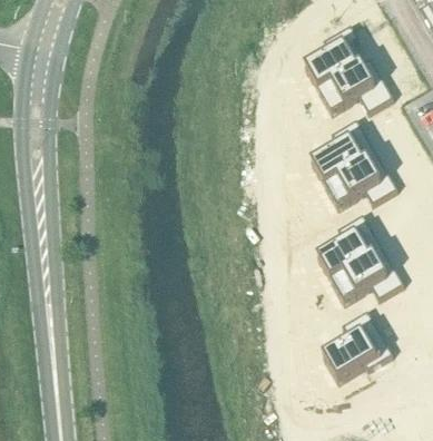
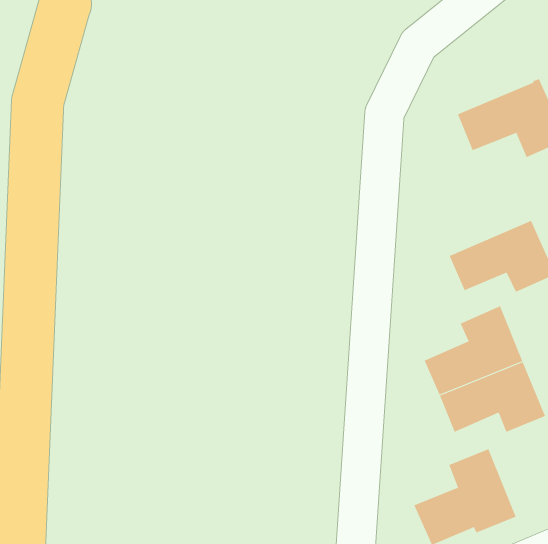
building: [304,26,365,90] -> none
building: [311,120,376,186] -> none

